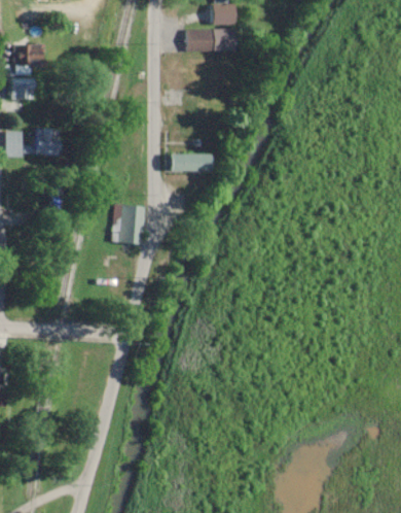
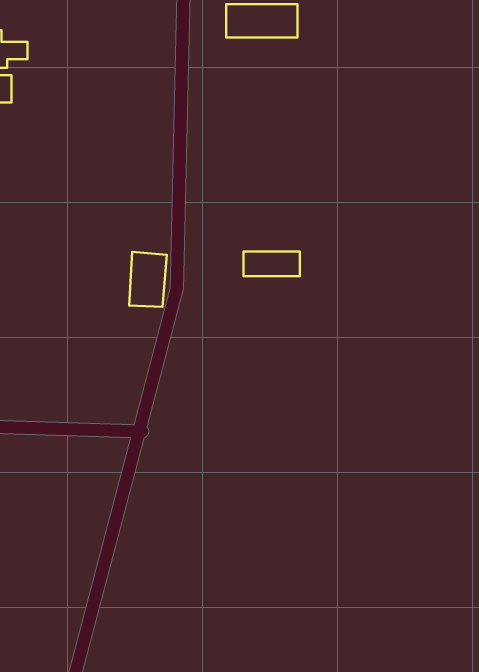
building: [36,128,60,155] -> none
building: [173,153,213,171] -> [243,252,300,276]

